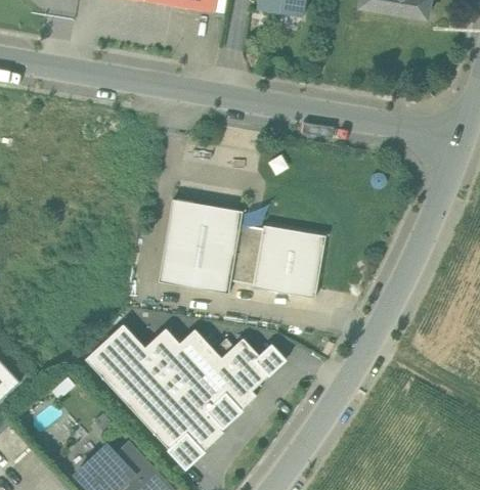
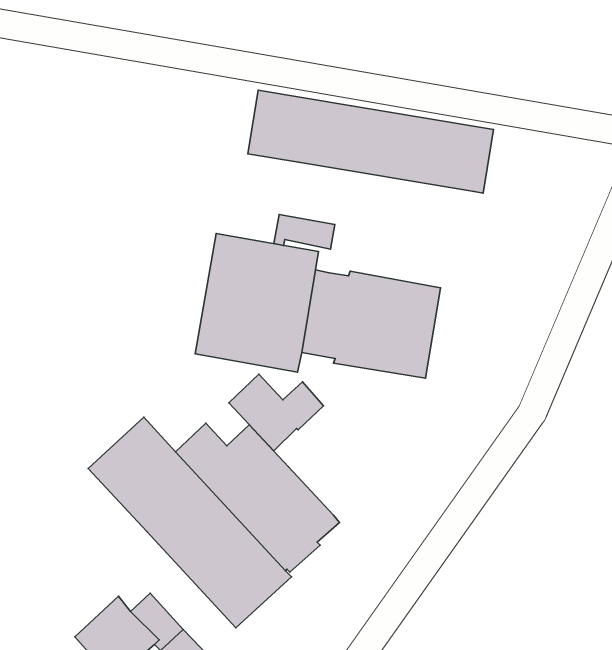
building: none -> [248,90,494,193]
building: none -> [274,215,335,249]
building: [221,338,286,390] -> [229,374,324,451]

